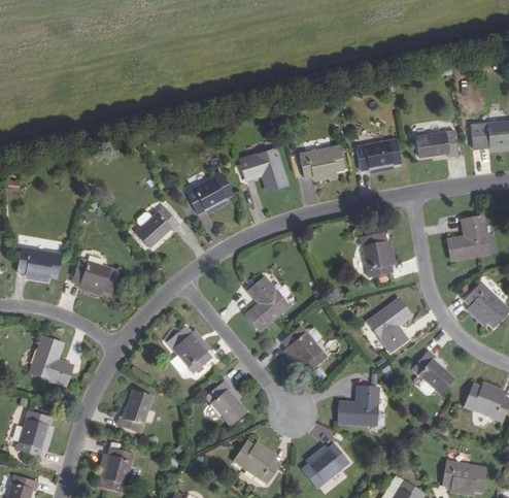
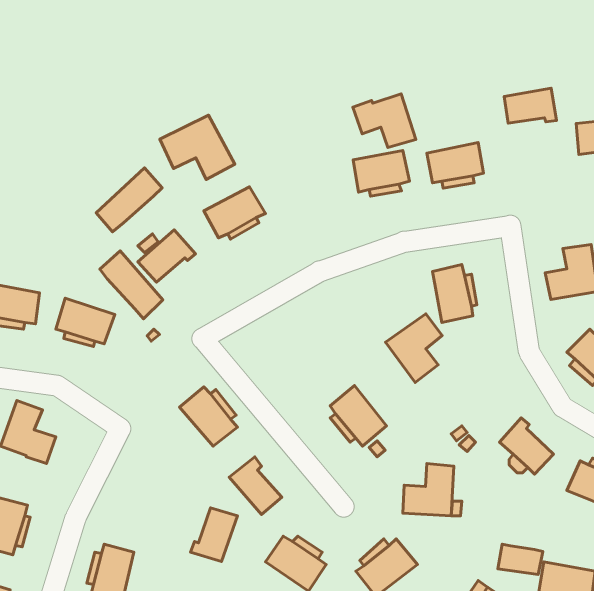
building: none -> [160,115,235,179]
building: [416,130,456,157] -> [504,88,557,123]
building: [239,148,287,190] -> [353,94,416,147]
building: none -> [96,168,162,232]
building: none -> [100,251,163,319]
building: [245,277,287,330] -> none
building: [367,299,410,352] -> [386,314,442,382]
building: [116,391,152,432] -> [190,508,238,562]
building: none -> [498,544,543,575]

